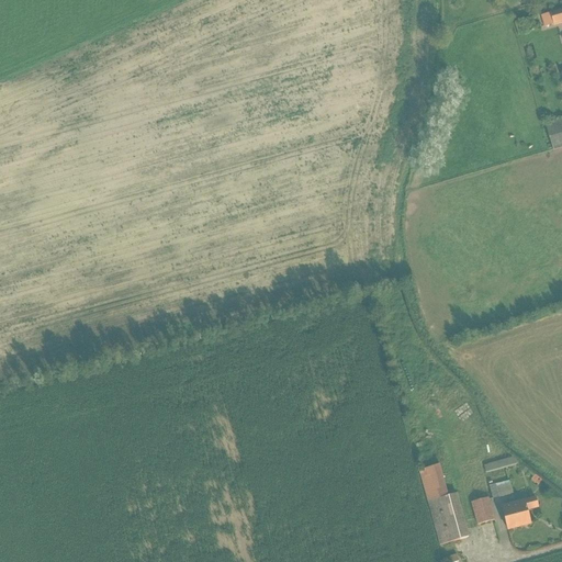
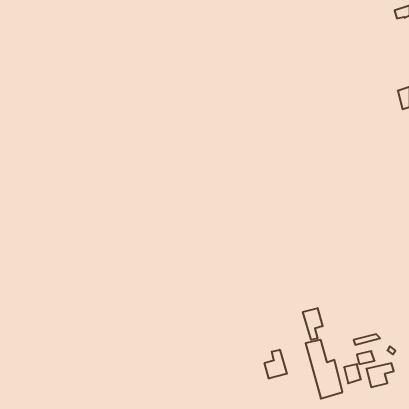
building: none -> [303,308,323,340]
building: none -> [265,350,287,379]

